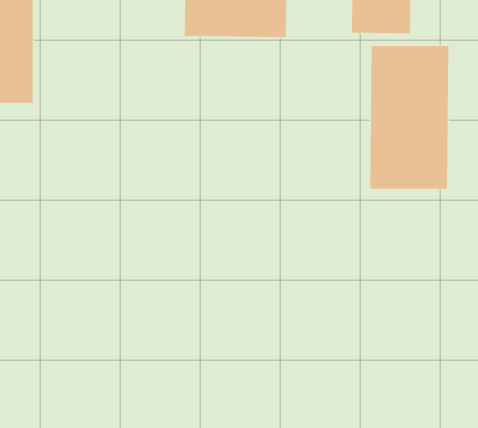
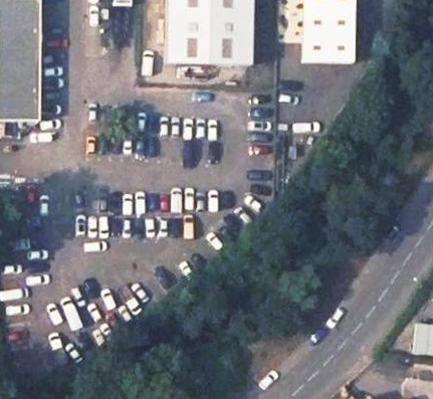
building: [370,45,449,190] -> none

